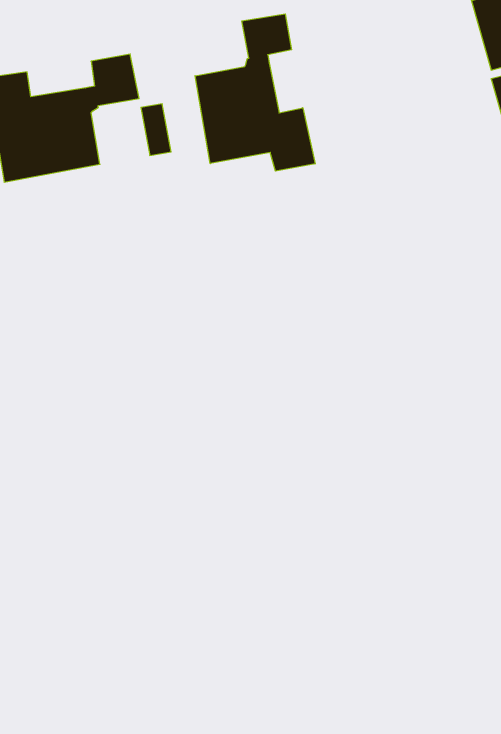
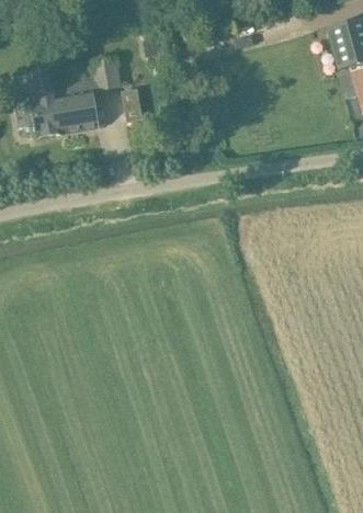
building: [195,14,315,171] -> none

